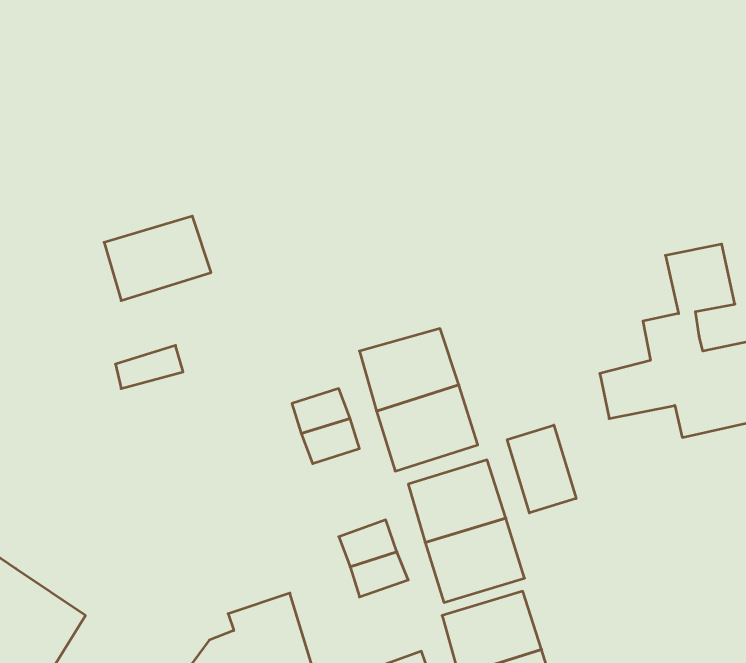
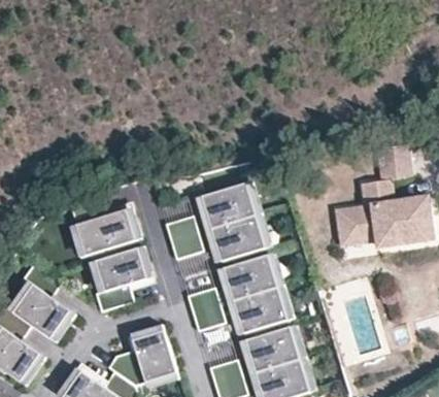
building: [104,216,211,301] -> [75,209,134,256]
building: [507,425,576,513] -> none
building: none -> [94,249,146,310]
building: none -> [12,264,70,340]

